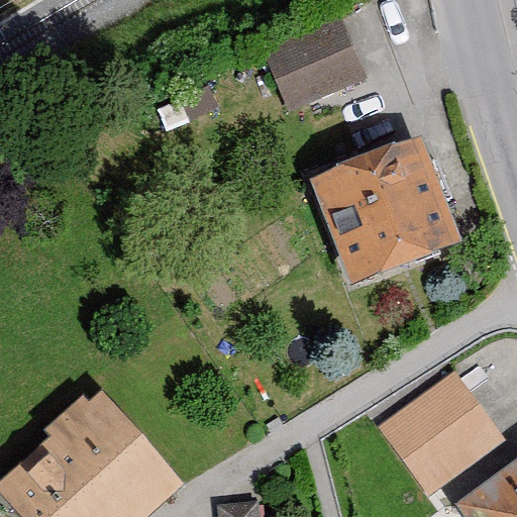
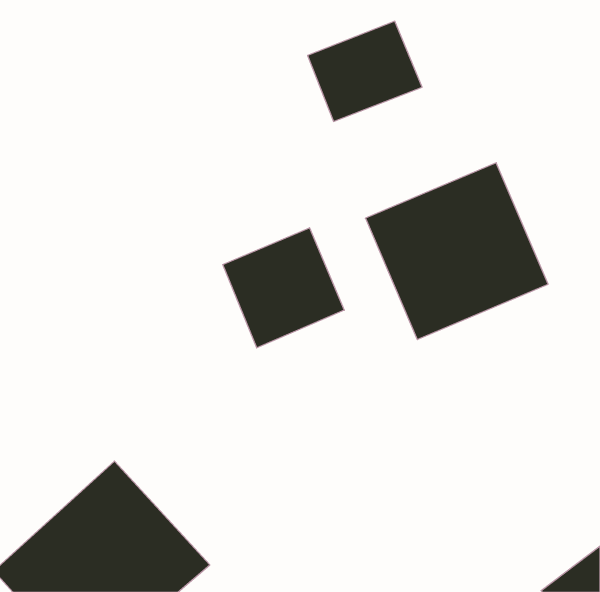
building: none -> [223,228,344,348]
building: [374,372,496,492] -> none

